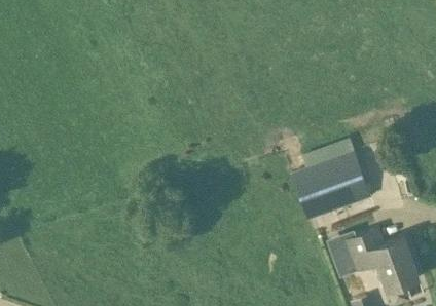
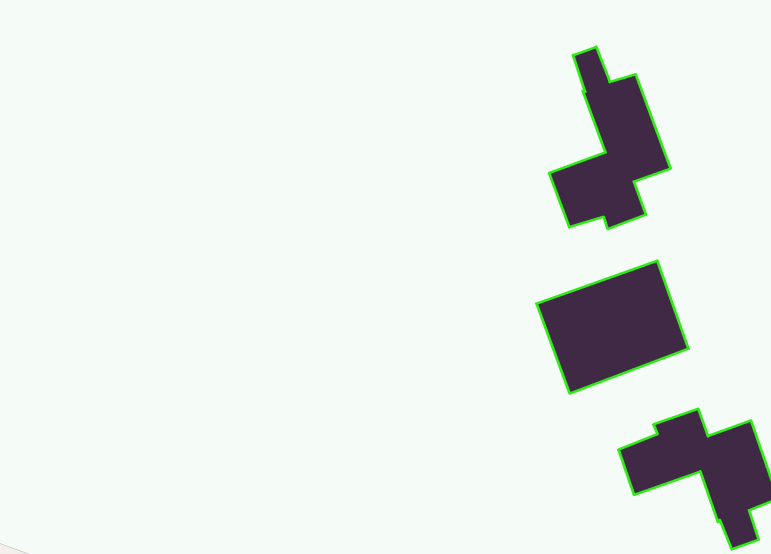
building: none -> [549,47,670,229]

